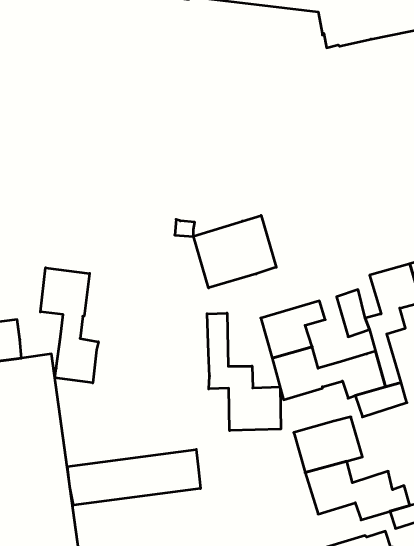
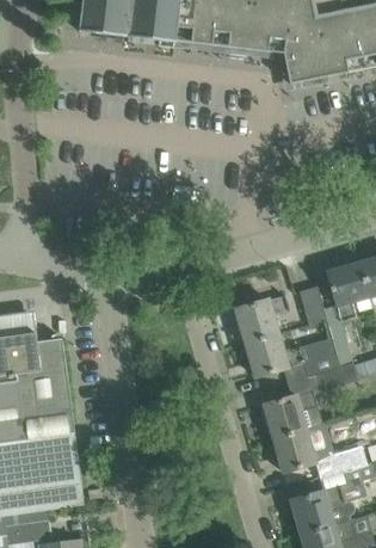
building: [193,215,276,288] -> none
building: [40,268,98,383] -> none
building: [207,313,281,431] -> none
building: [67,449,200,505] -> none

